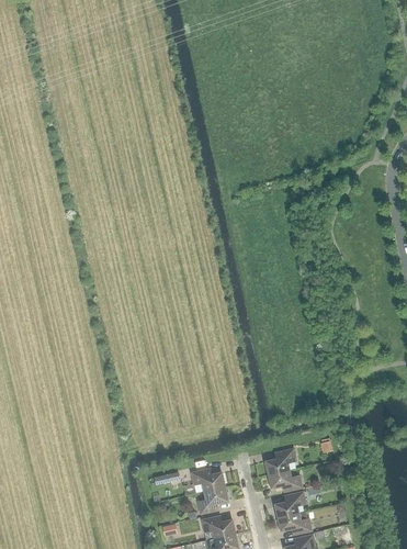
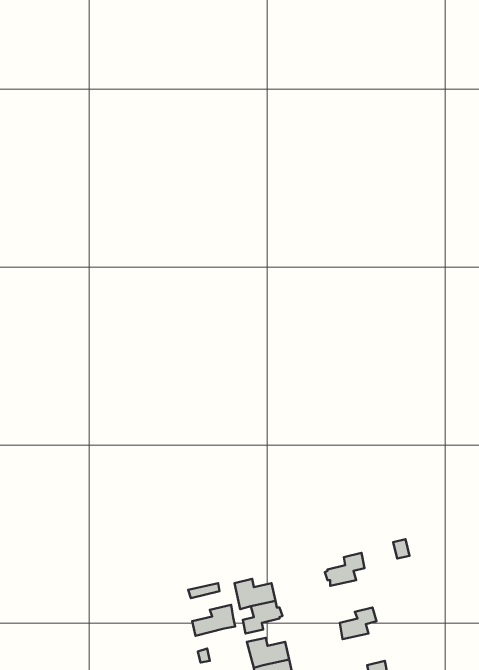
building: [268,469,302,490] -> none
building: none -> [192,605,235,636]
building: [276,509,310,533] -> none

